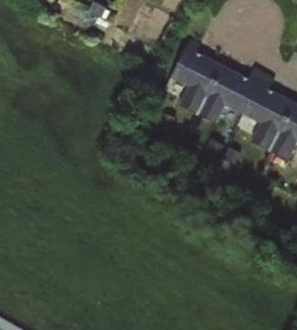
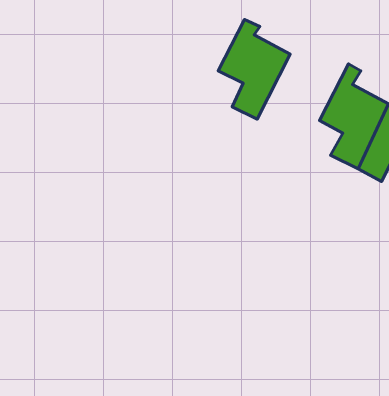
building: [198,68,265,125] -> none

